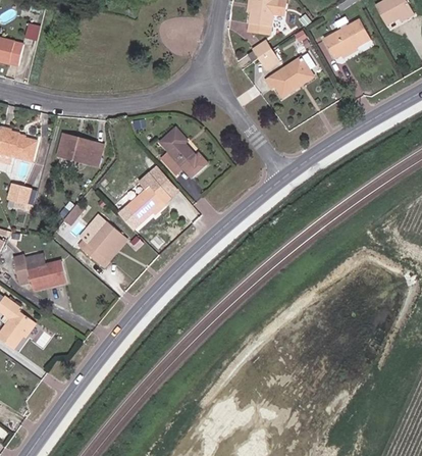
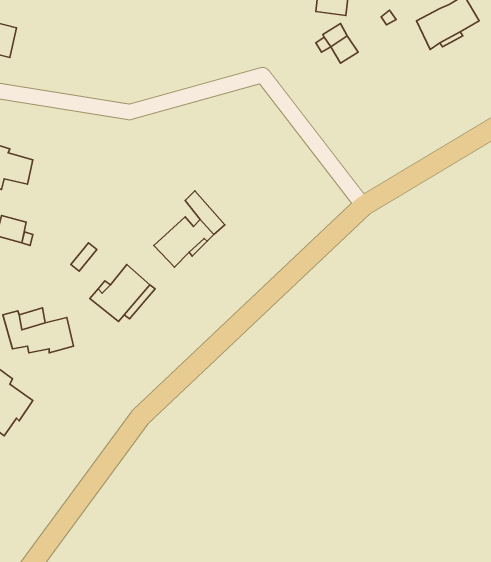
building: [264,51,318,97] -> none
building: [159,130,206,180] -> none
building: [56,137,102,165] -> none

